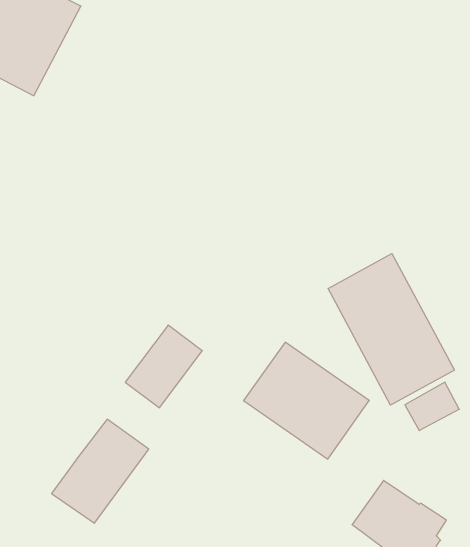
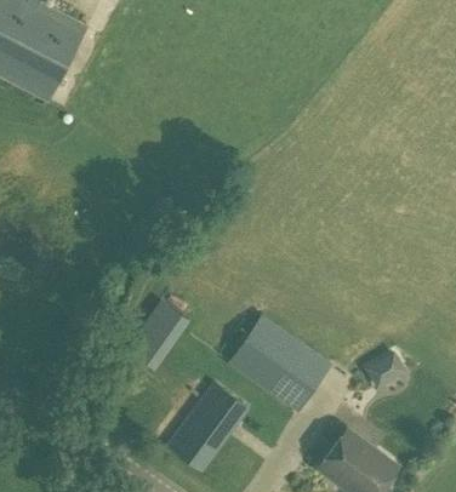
building: [328,254,454,405] -> none
building: [52,419,149,523] -> [167,381,250,469]

